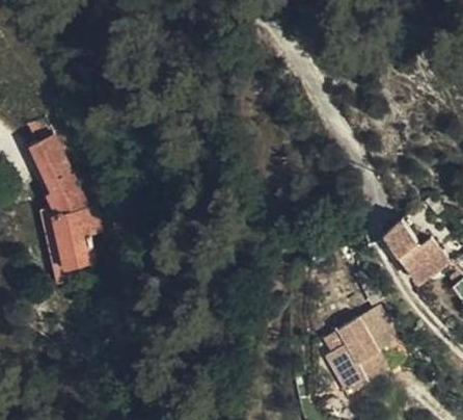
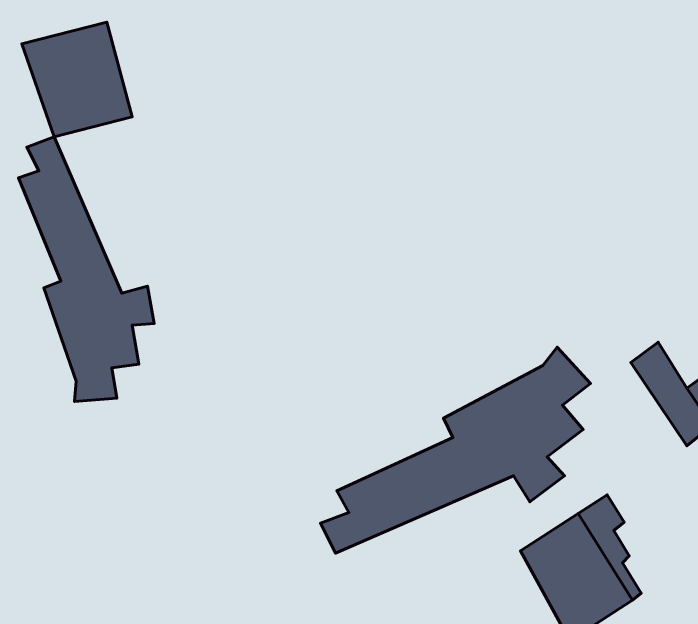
building: none -> [22,22,132,137]
building: none -> [320,347,591,553]

